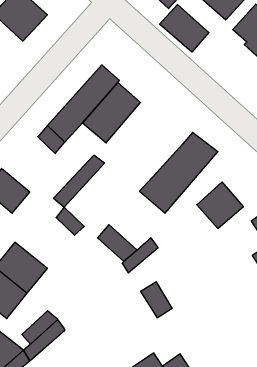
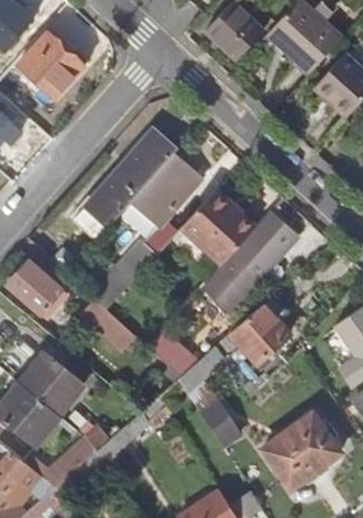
building: [160,5,209,52] -> none
building: none -> [179,188,254,264]
building: [197,182,243,228] -> [230,304,288,362]
building: none -> [262,412,340,488]

